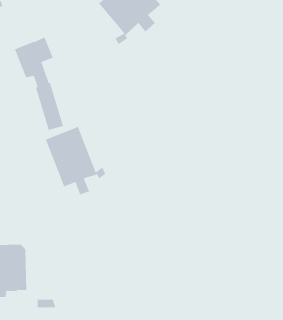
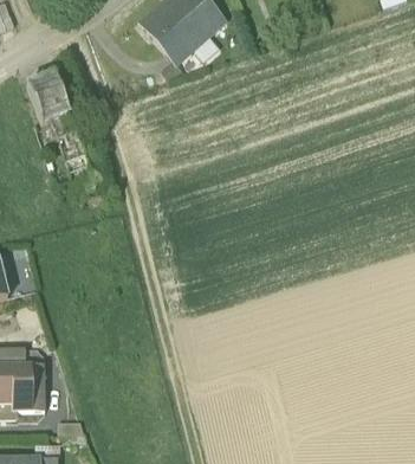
building: [45,126,106,195] -> none

